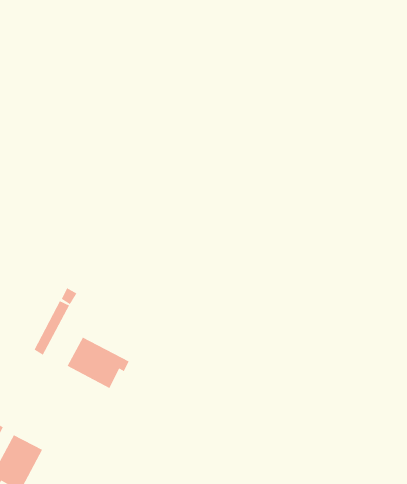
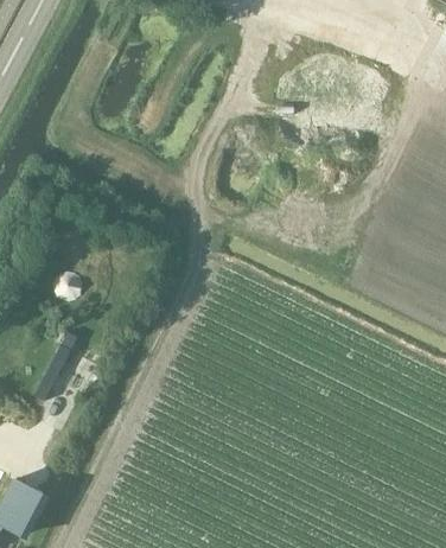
building: [67,336,130,389] -> none

